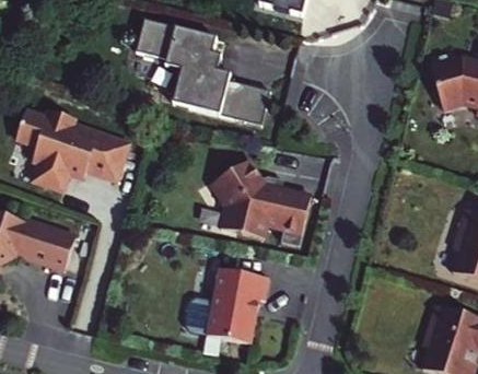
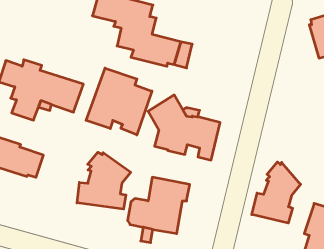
building: none -> [86,68,152,135]
building: none -> [77,152,131,209]
building: none -> [252,162,301,223]

